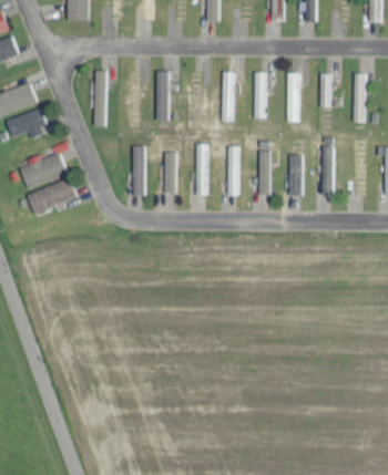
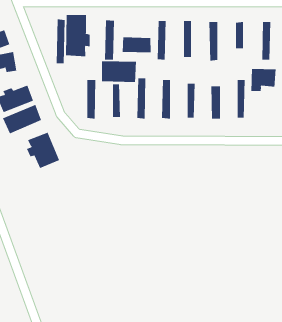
building: none -> [65,14,90,57]
building: none -> [122,37,151,53]
building: none -> [101,60,136,83]
building: none -> [251,68,276,92]
building: none -> [26,132,60,169]

